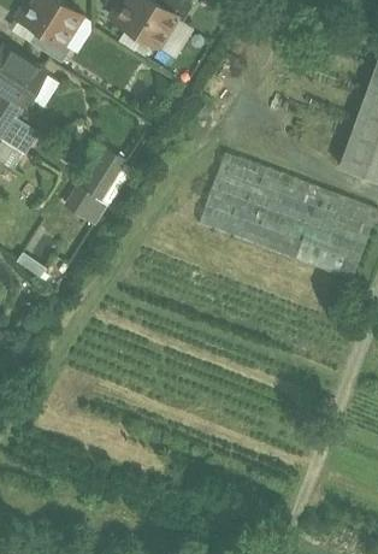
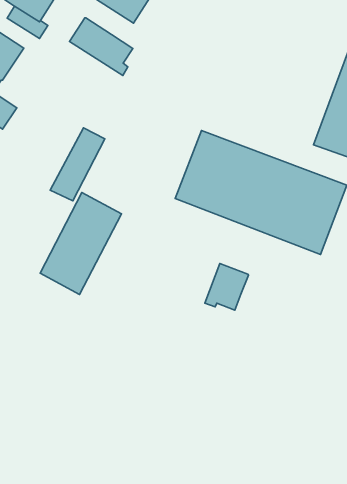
building: none -> [70,18,133,76]
building: none -> [40,193,121,294]
building: none -> [205,264,248,310]

